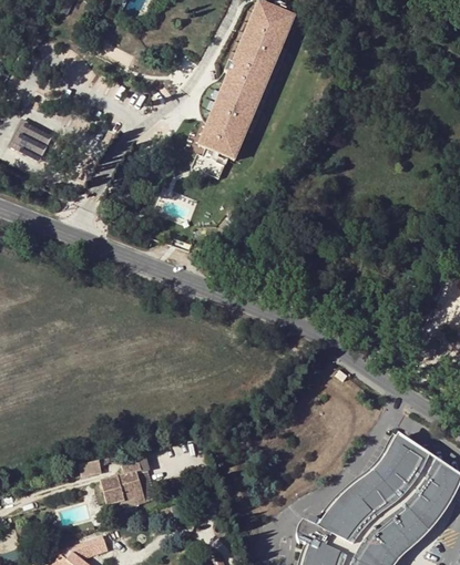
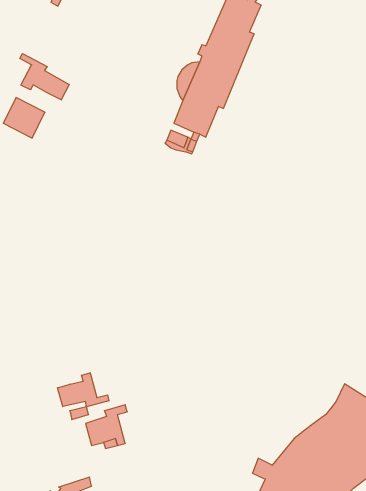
building: none -> [20,54,69,100]
building: none -> [58,373,109,407]

